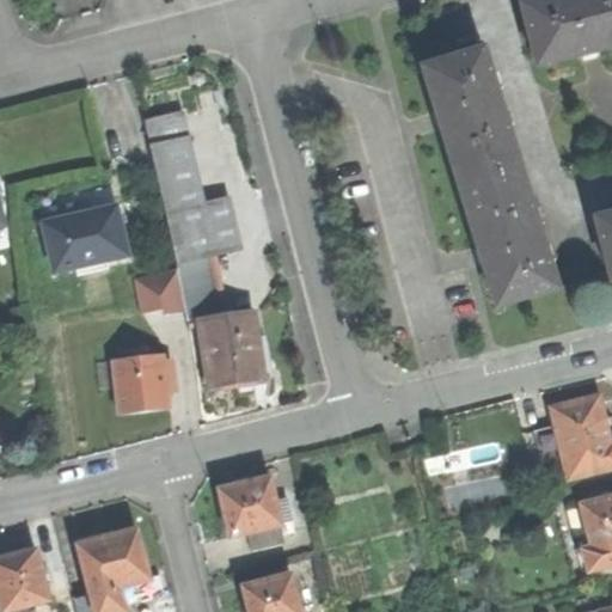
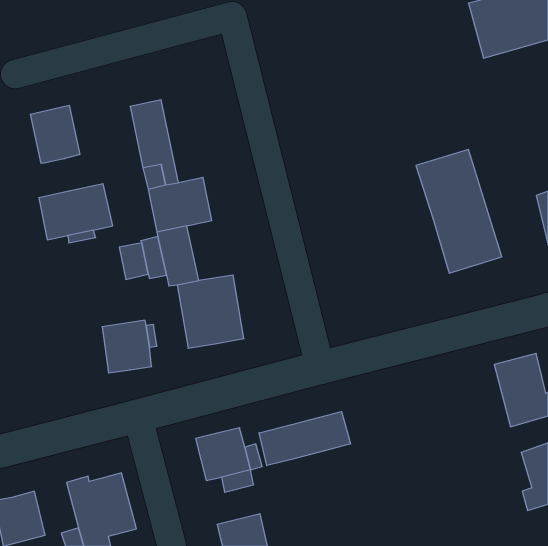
building: [426,45,521,184] -> none
building: none -> [30,105,80,163]
building: none -> [259,412,351,466]

